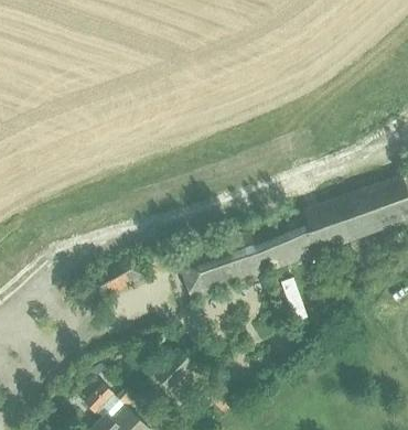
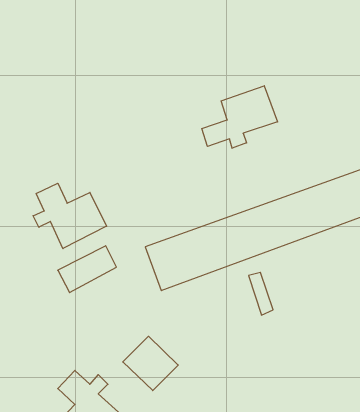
building: none -> [202,86,278,148]
building: none -> [33,183,107,249]

